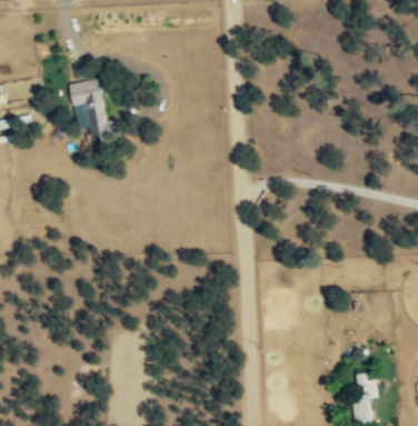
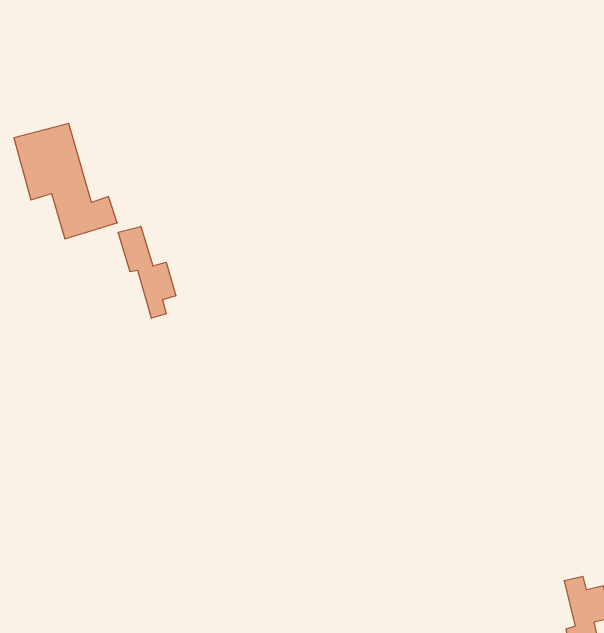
building: none -> [118,226,176,318]

